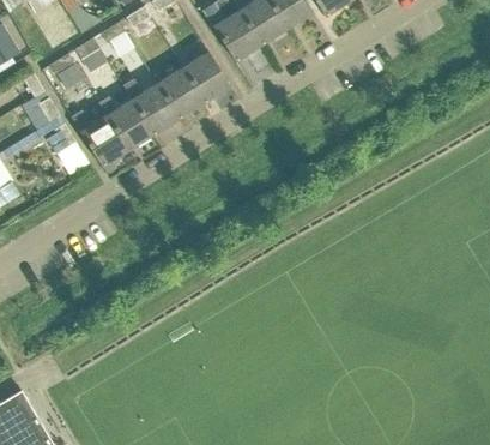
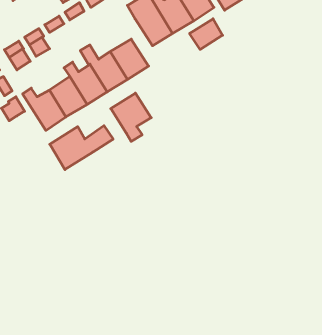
building: none -> [190,19,223,49]
building: none -> [111,93,151,141]
building: none -> [50,126,113,170]

